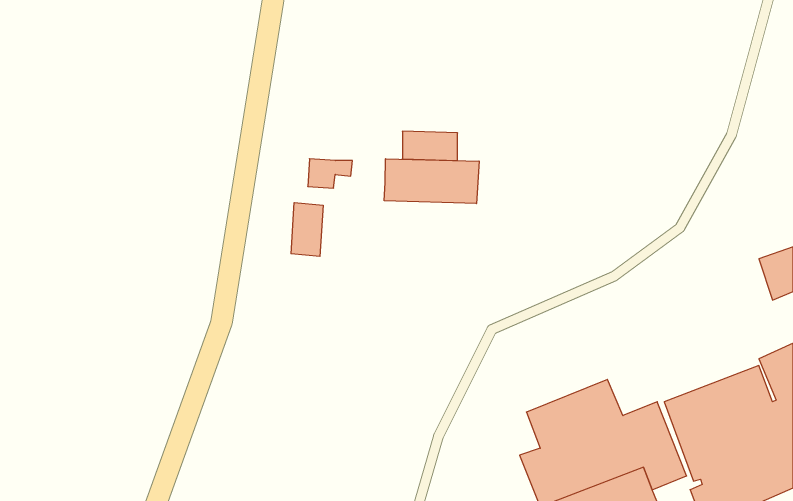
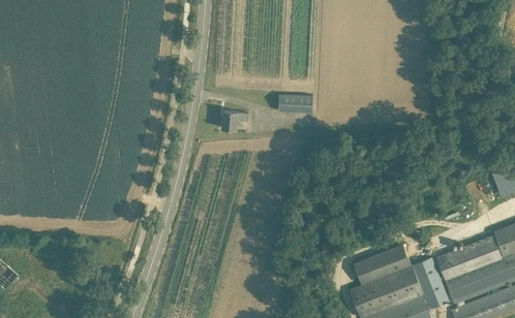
building: [384,159,479,204] -> none
building: [291,203,323,256] -> none

